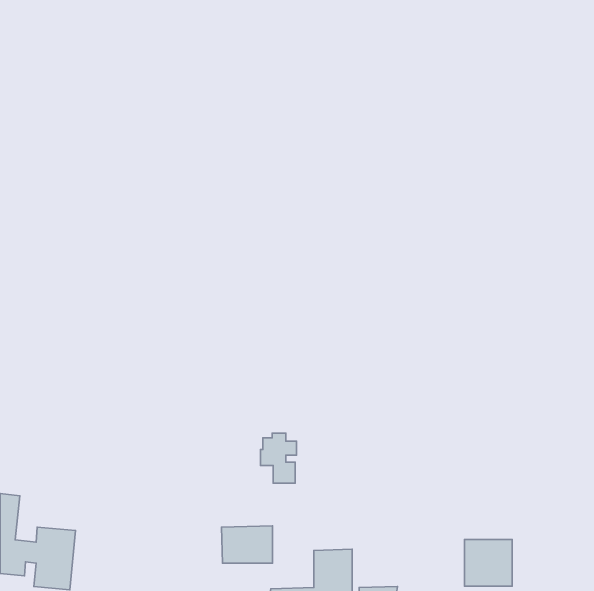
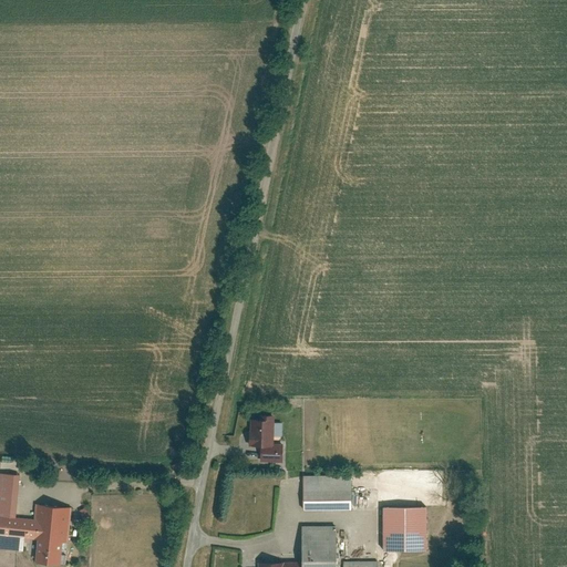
building: [221,526,273,563] -> [302,475,351,511]
building: [464,540,512,586] -> [381,507,426,551]

